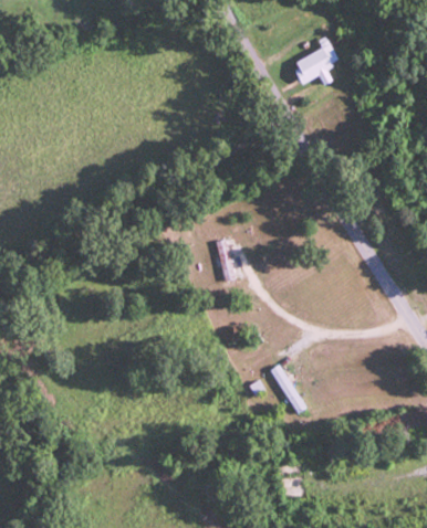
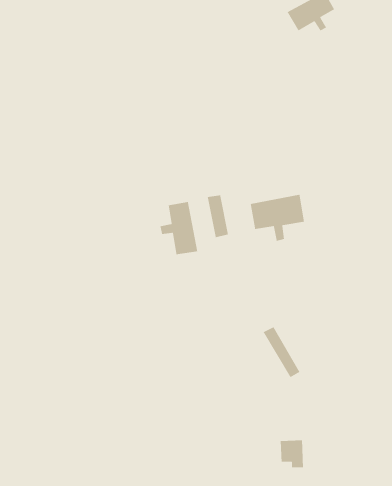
building: none -> [250,194,305,242]
building: none -> [159,201,198,255]

